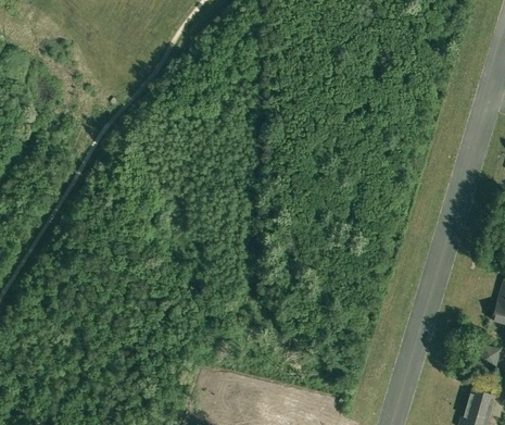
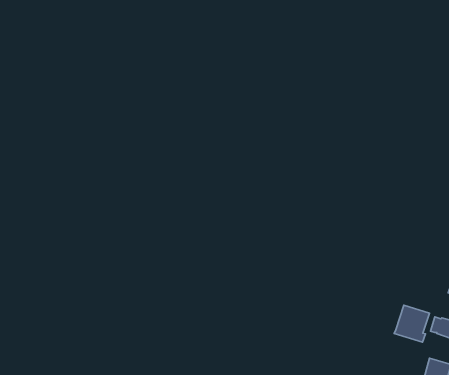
building: none -> [394,305,430,342]

